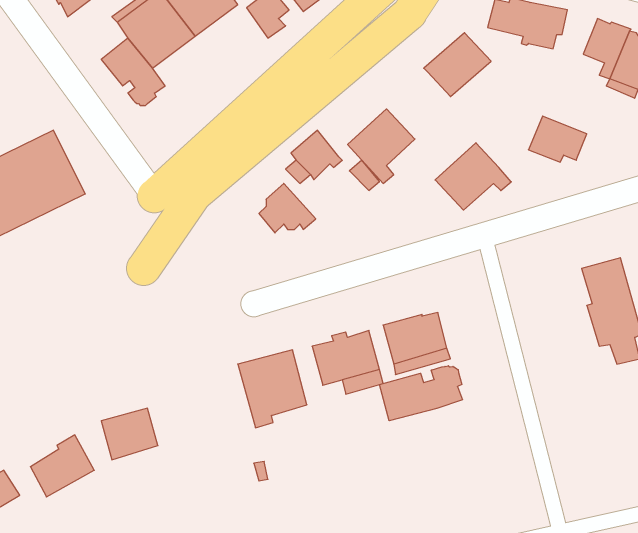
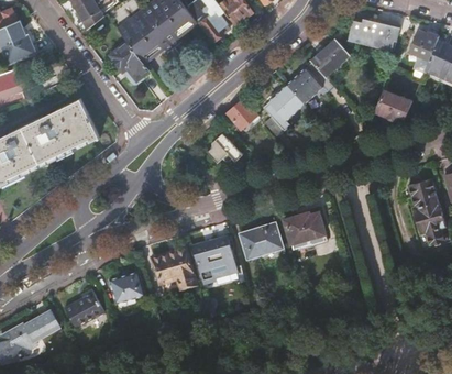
building: [435,143,511,210] -> [287,62,334,103]
building: [379,366,462,421] -> none
building: none -> [153,248,196,293]

